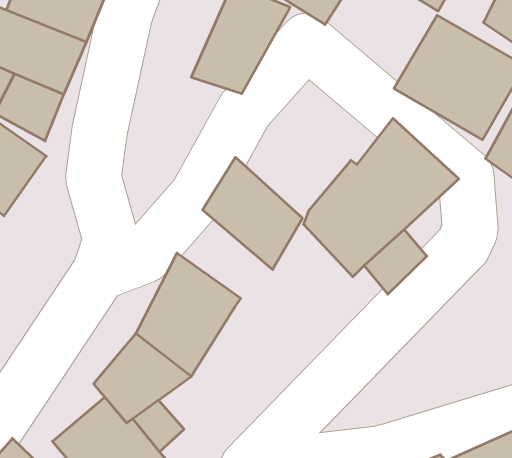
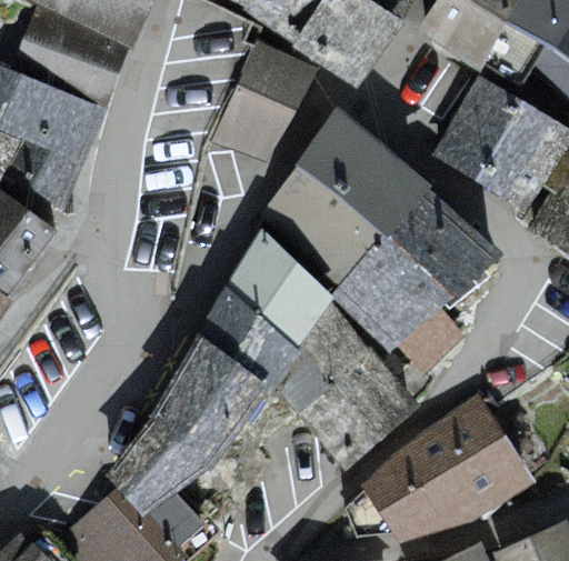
building: none -> [262,108,431,285]
building: none -> [198,284,301,397]
building: none -> [369,399,532,533]

